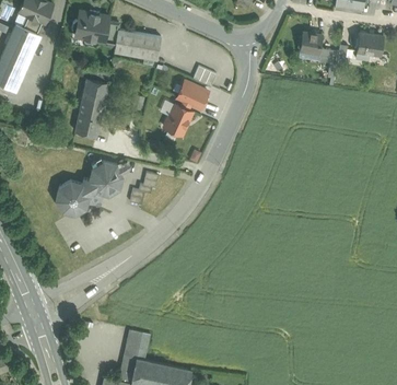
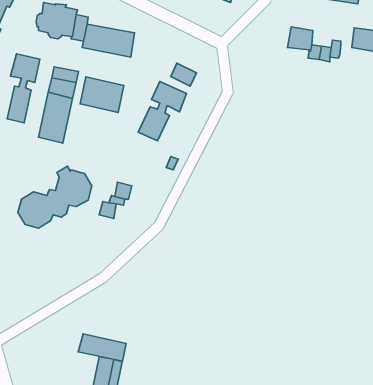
building: none -> [7,54,40,123]
building: none -> [80,77,124,113]
building: none -> [78,334,126,361]

